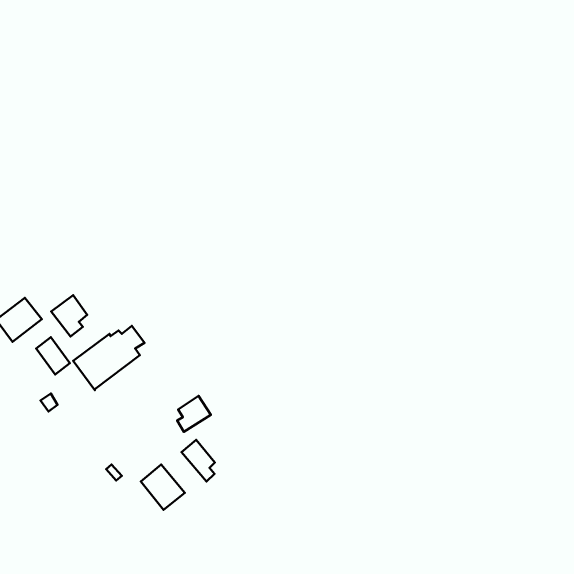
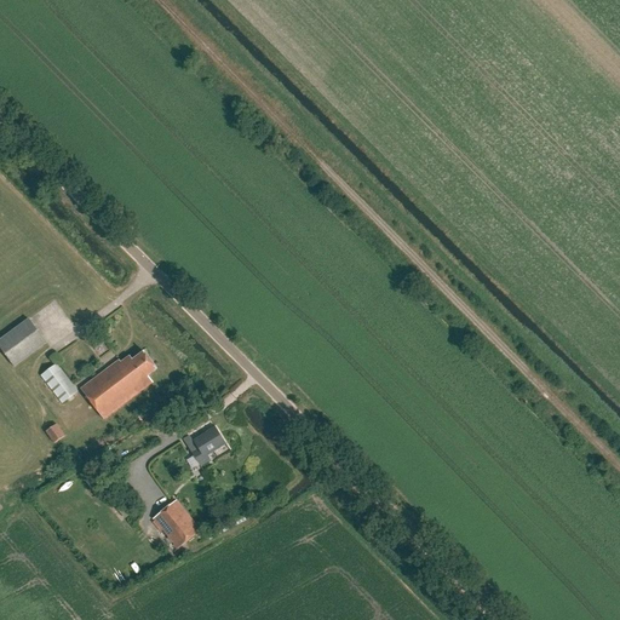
building: [51,295,87,336] -> none
building: [181,440,215,481] -> none

